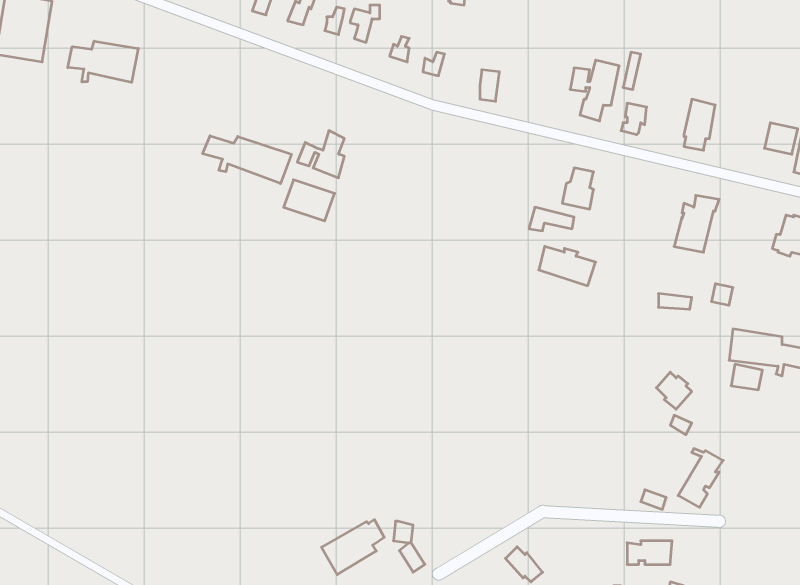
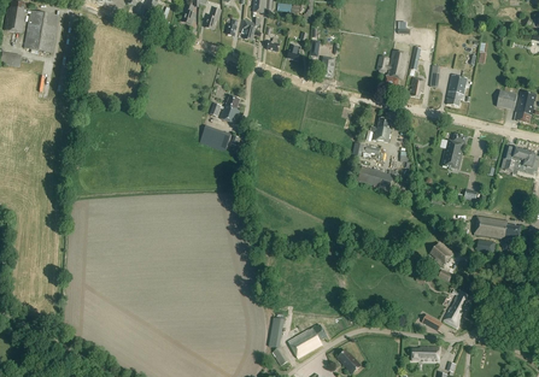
building: [68,41,138,82] -> none
building: [203,136,291,184] -> none
building: [322,520,384,575] -> [288,324,327,358]

